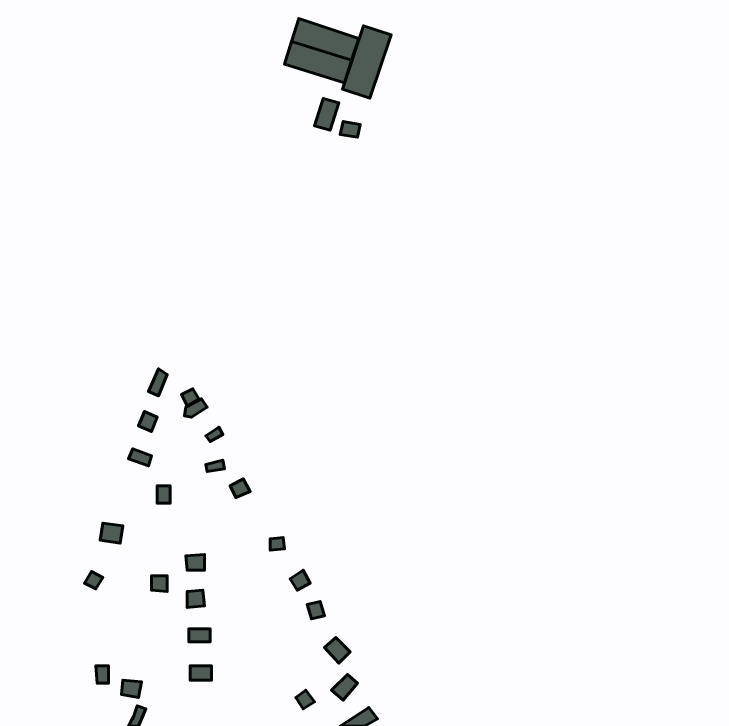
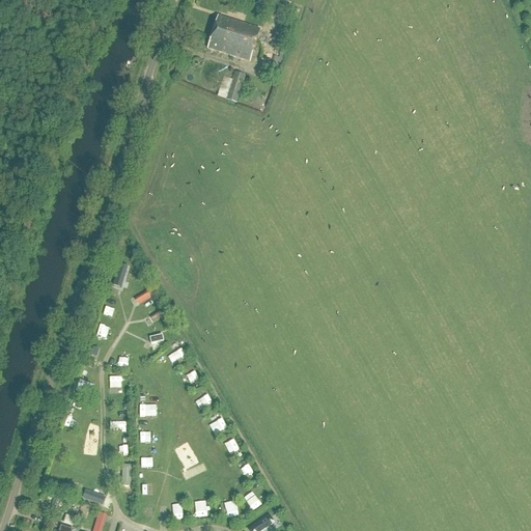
building: [342,26,391,98] -> none

